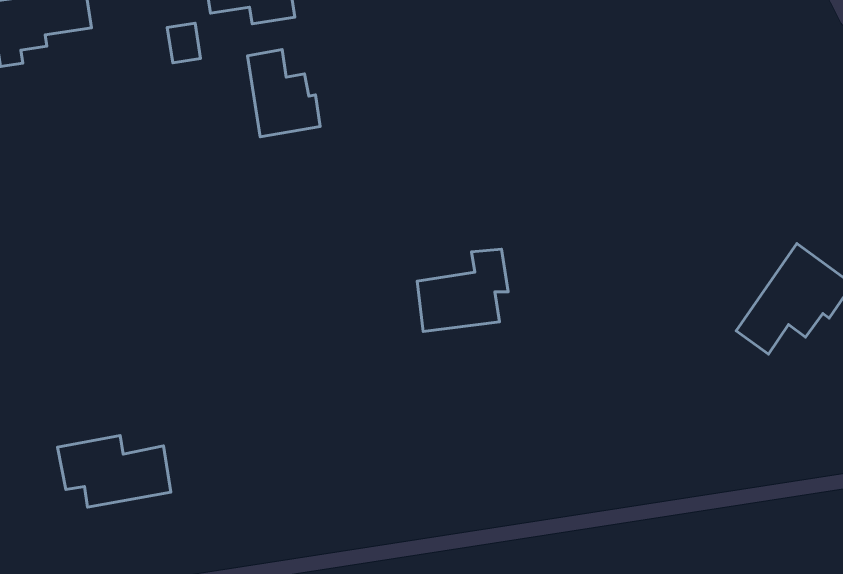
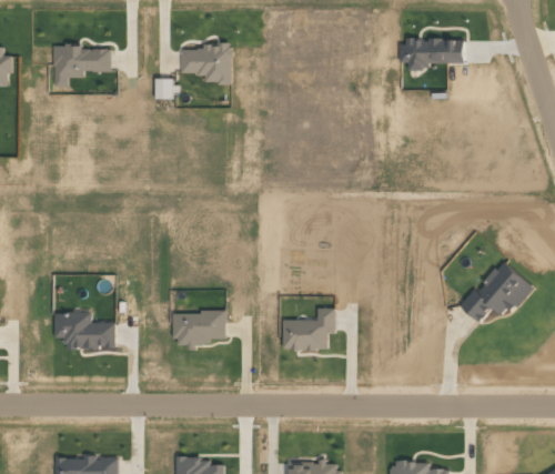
building: [248,50,320,137] -> none
building: [417,249,508,332] -> [282,307,335,351]
building: none -> [173,312,226,346]

